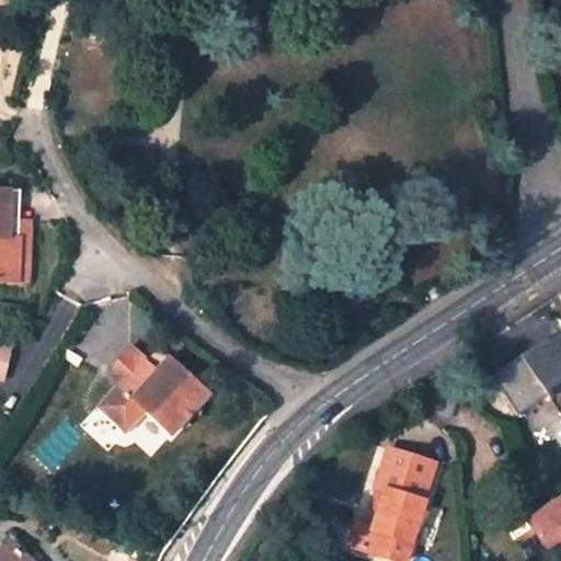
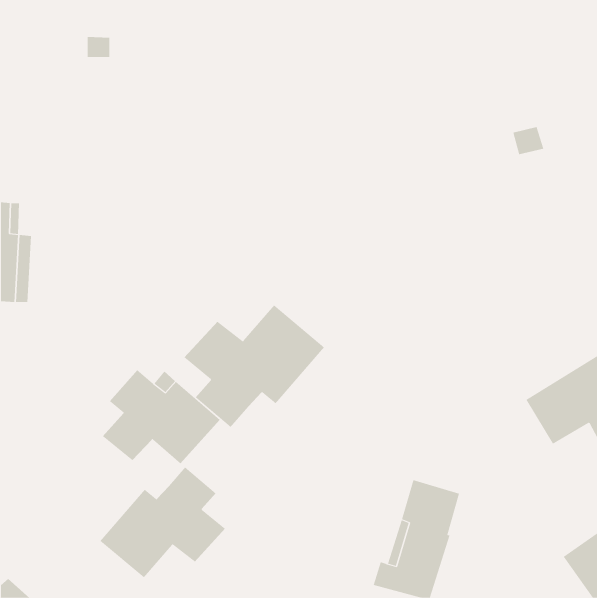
building: none -> [183,304,325,428]
building: none -> [99,467,226,578]

